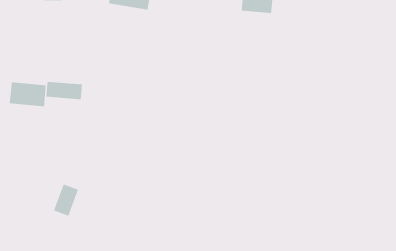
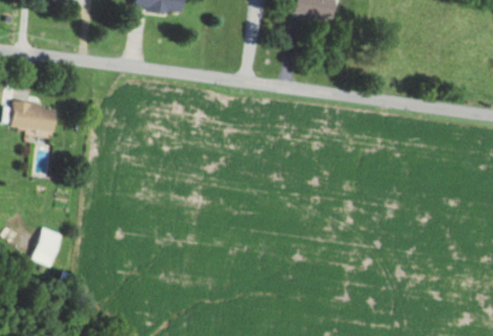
building: [46,81,83,100] -> none
building: [53,184,79,216] -> [31,228,62,268]

